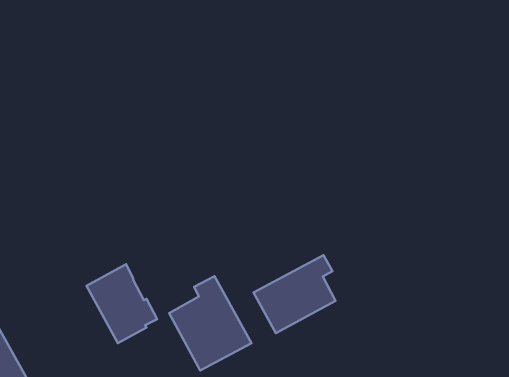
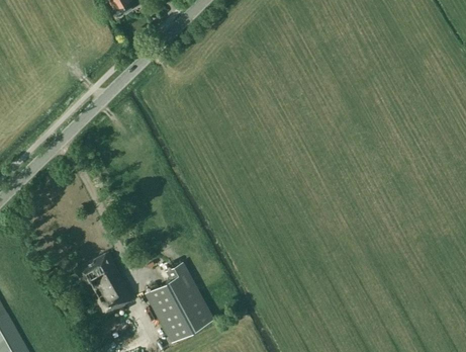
building: [253,255,335,333] -> none

